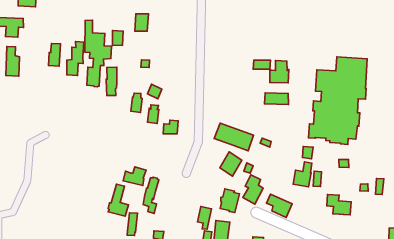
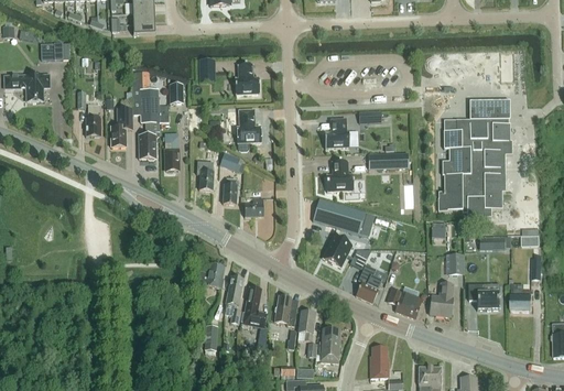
building: none -> [235,63,259,94]
building: [6,46,19,76] -> none
building: none -> [237,108,261,150]
building: [270,61,289,83] -> [324,118,349,148]
building: none -> [325,162,351,192]
building: [293,162,312,187] -> [430,282,453,315]
building: [108,184,128,216] -> [241,285,268,327]
building: [220,189,239,213] -> [274,294,299,325]
building: none -> [510,283,532,311]

